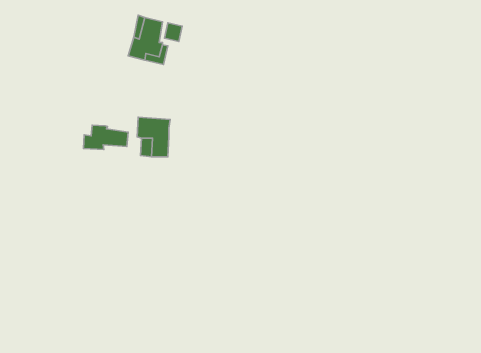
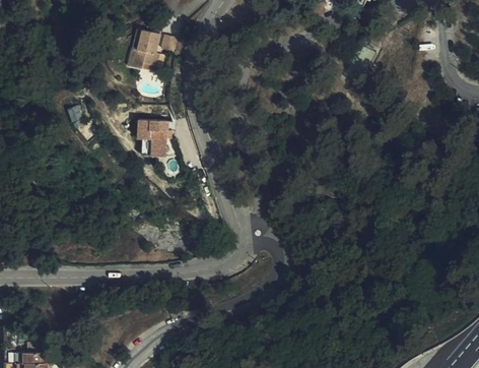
building: [83,125,128,149] -> none

